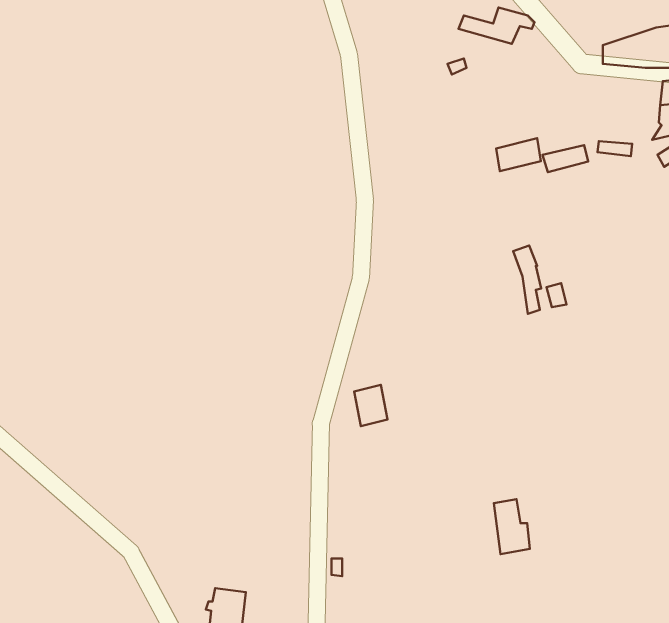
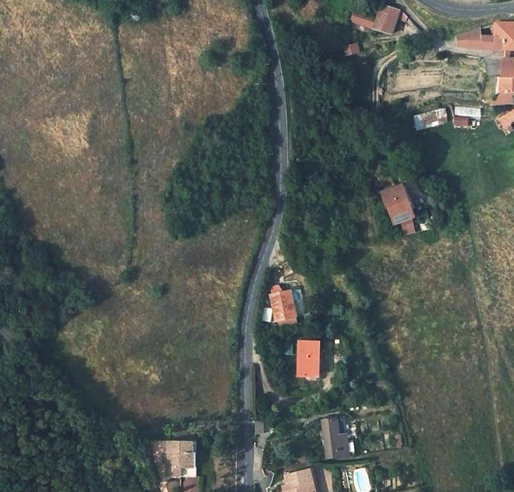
building: [496,138,541,171] -> none
building: none -> [298,341,319,376]
building: [494,499,530,554] -> [321,416,348,457]

